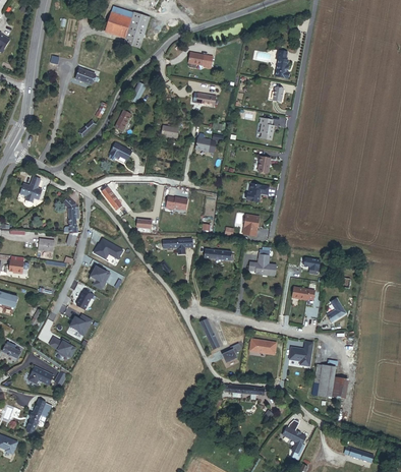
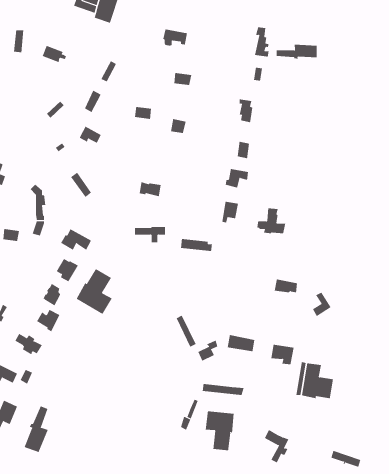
building: none -> [276,44,317,59]
building: [249,248,277,273] -> [257,208,286,234]
building: none -> [76,268,113,315]
building: none -> [24,406,49,453]
building: none -> [205,410,234,451]

